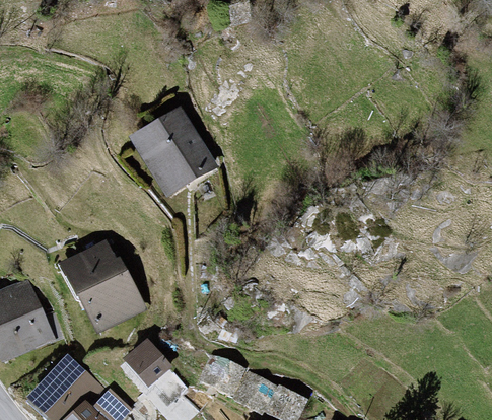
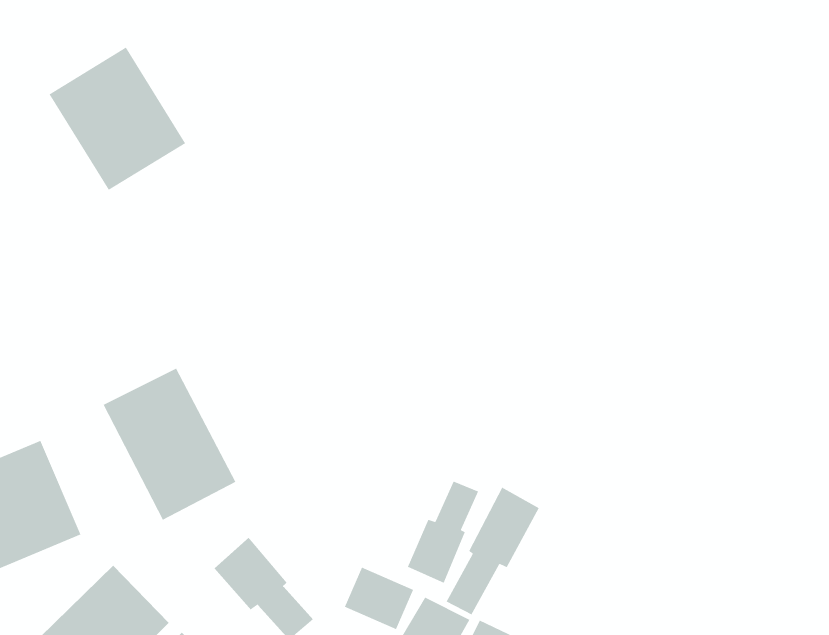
building: [135,109,214,192] -> [49,46,186,191]
building: none -> [407,480,479,584]
building: none -> [446,487,540,616]

